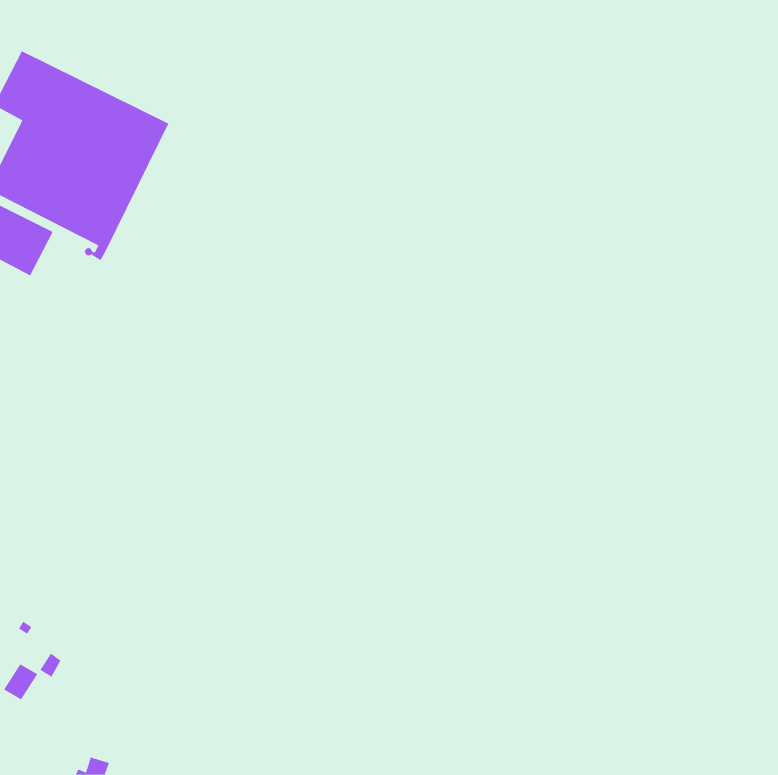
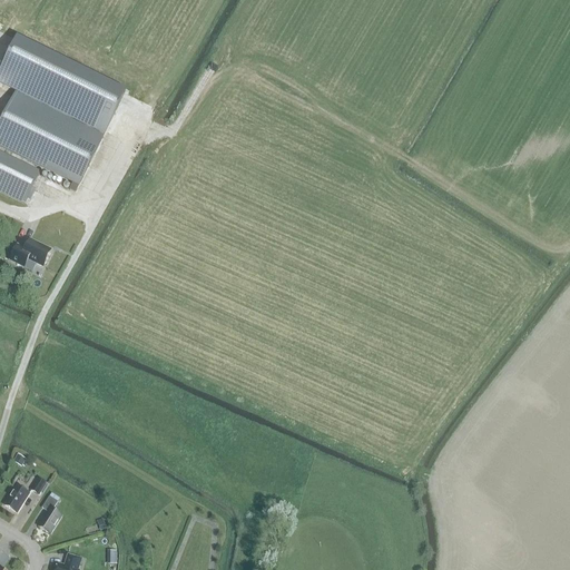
building: none -> [9,238,50,265]
building: none -> [37,491,60,532]

